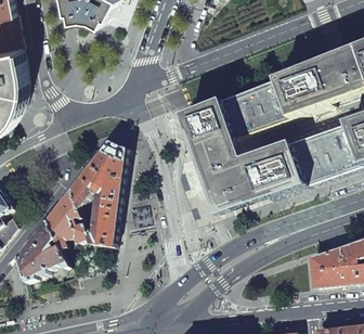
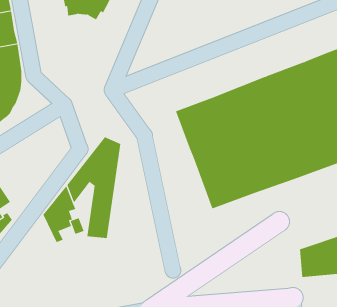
building: [15,222,66,283] -> none

